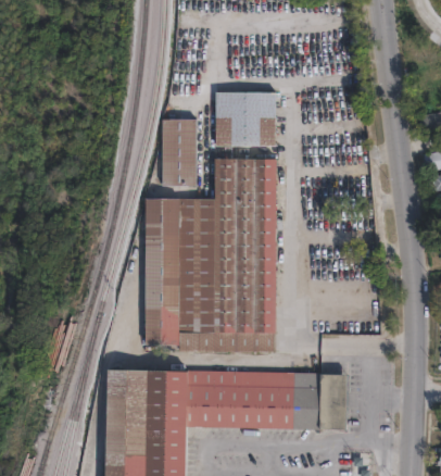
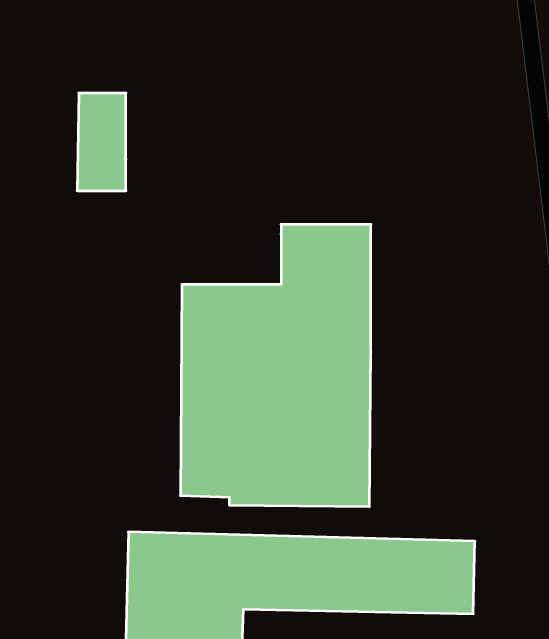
building: [209,96,276,147] -> none
building: [162,120,196,187] -> [77,93,126,191]

